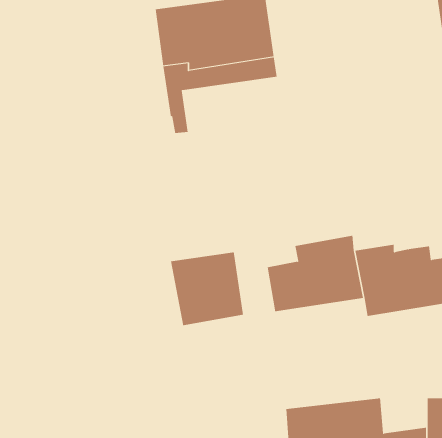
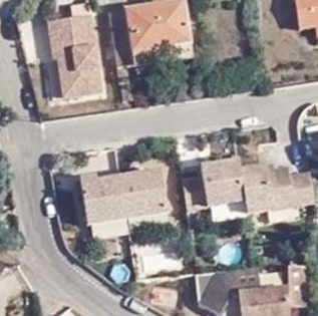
building: none -> [49,14,102,96]
building: none -> [80,176,127,224]

